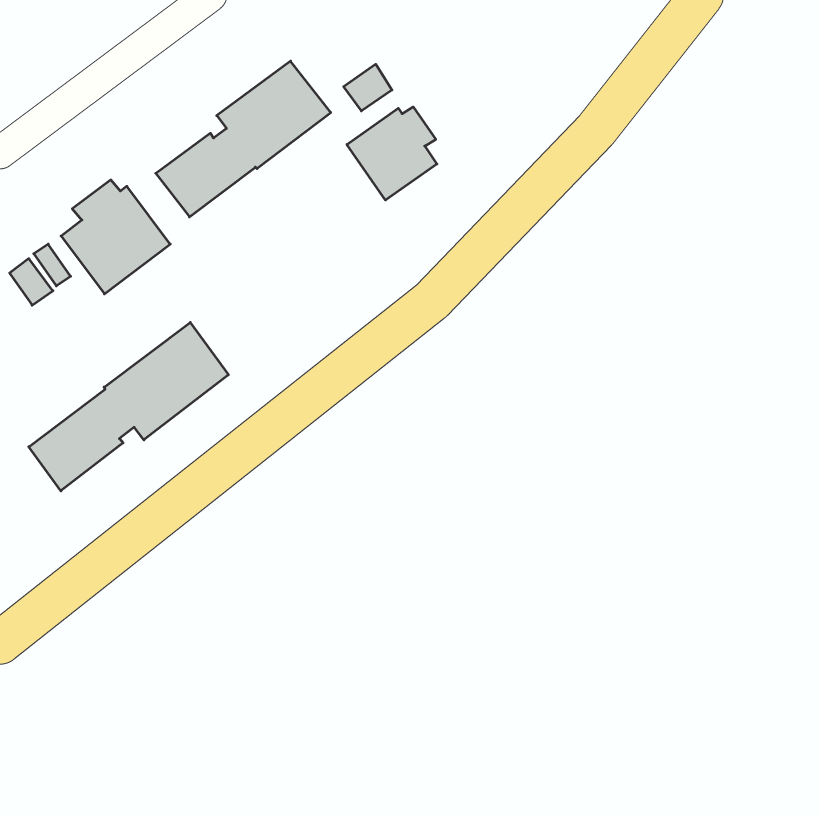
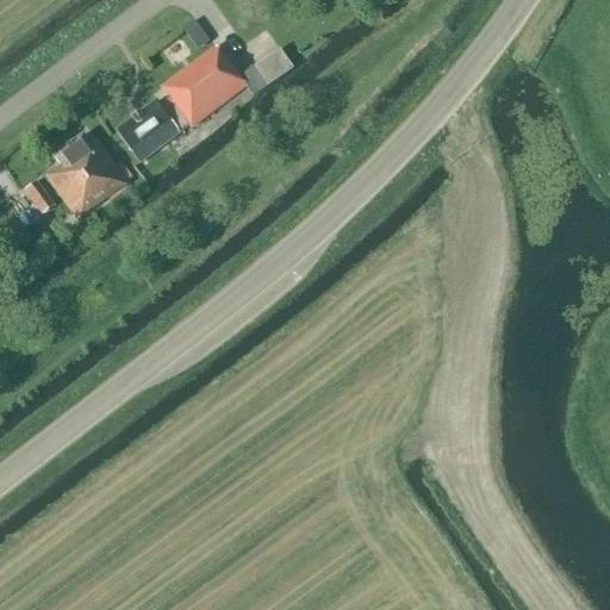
building: [347,107,437,200] -> none
building: [29,322,228,491] -> none

